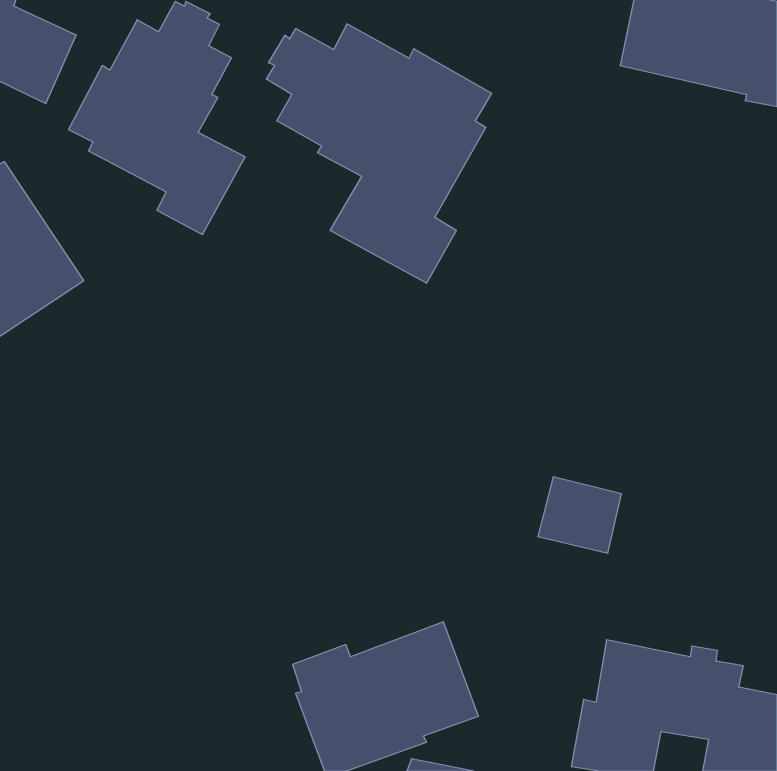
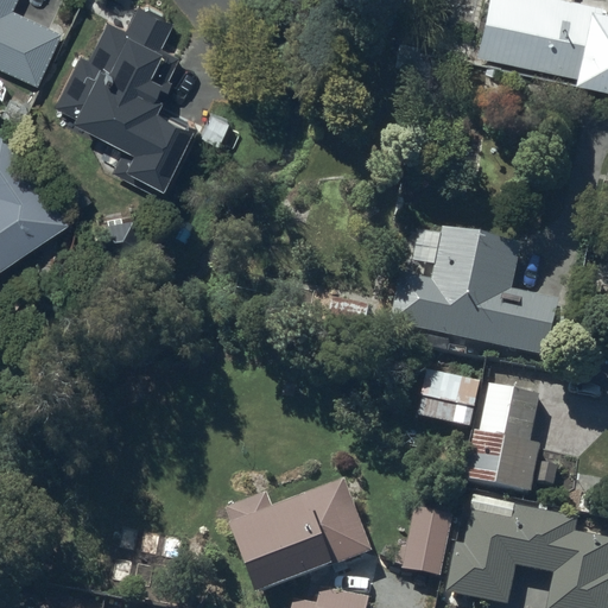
building: [266,24,492,283] -> none
building: none -> [386,230,574,359]
building: none -> [464,385,556,493]
building: none -> [395,502,454,580]

